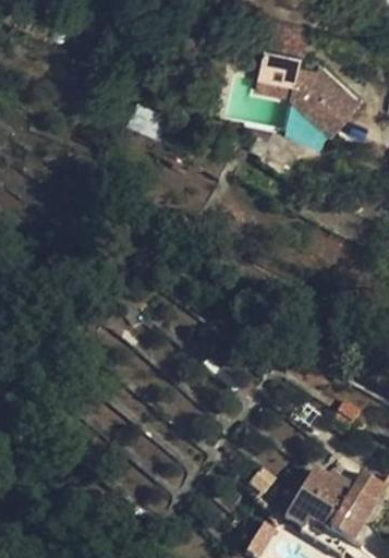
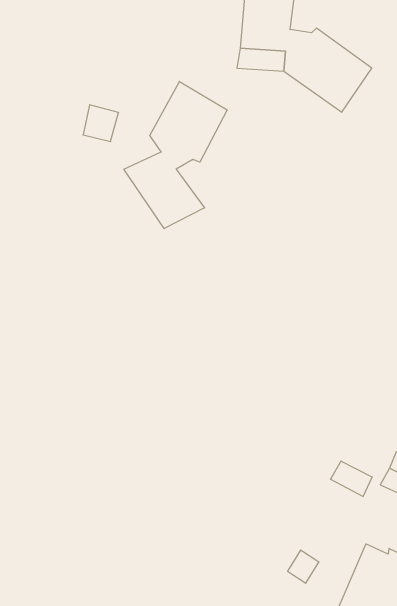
building: none -> [124,81,227,229]

